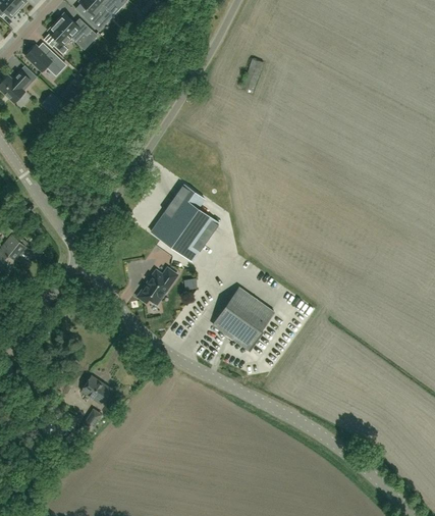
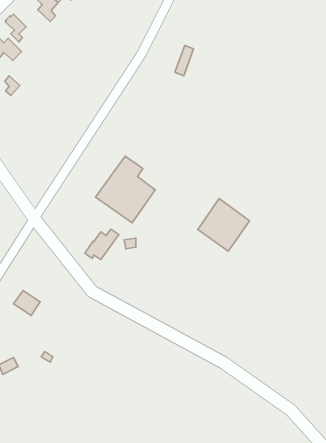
building: [57,13,92,41] -> none
building: [215,287,274,347] -> [198,198,250,251]
building: [80,375,111,404] -> [13,290,40,315]

